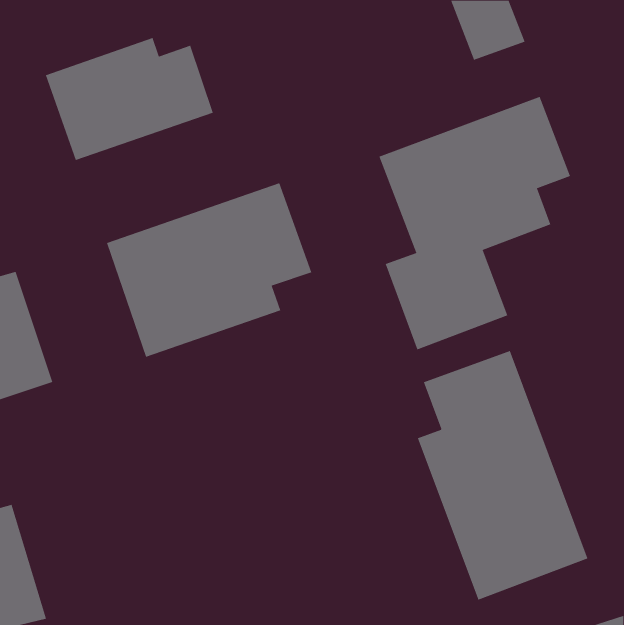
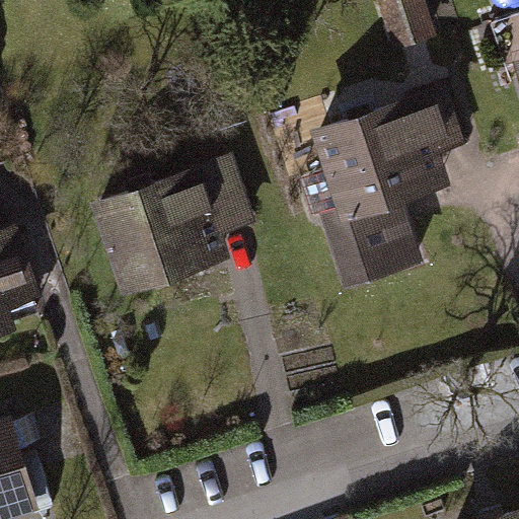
building: [45,37,214,161] -> none
building: [417,350,588,600] -> none

